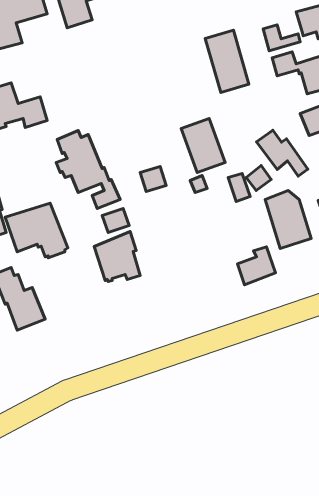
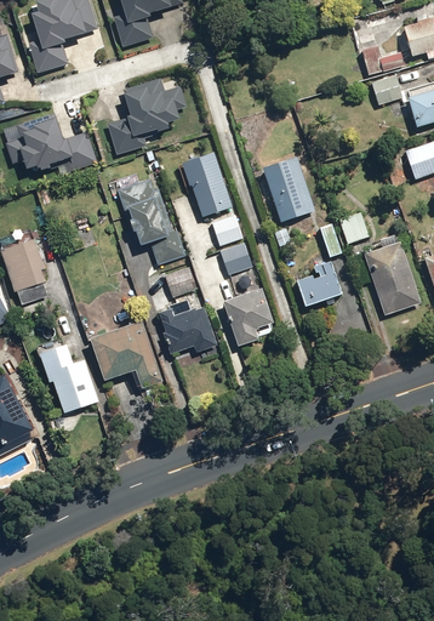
building: [205,30,249,92] -> none
building: none -> [107,76,185,153]
building: none -> [178,154,230,217]
building: [256,130,308,176] -> none
building: none -> [219,243,252,274]
building: [5,203,68,258] -> [86,323,162,389]
building: none -> [222,287,272,346]
building: [238,247,276,285] -> [297,262,343,308]

